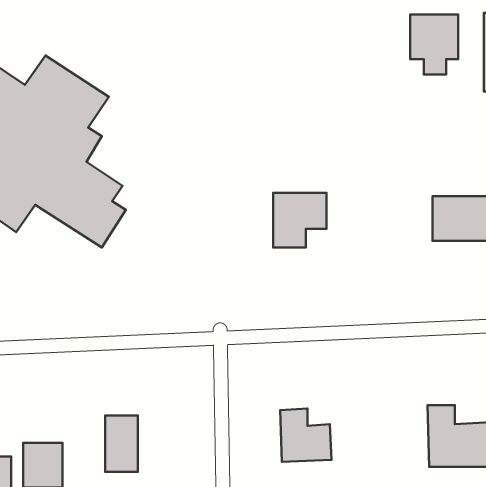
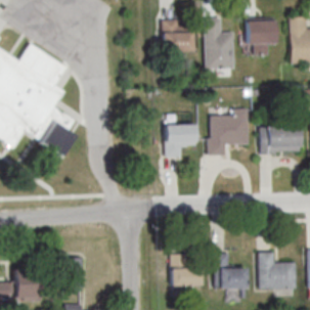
building: none -> [205,18,235,70]
building: none -> [162,20,193,52]
building: none -> [208,108,250,156]
building: none -> [211,254,246,289]

